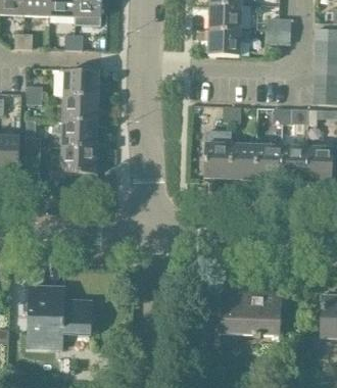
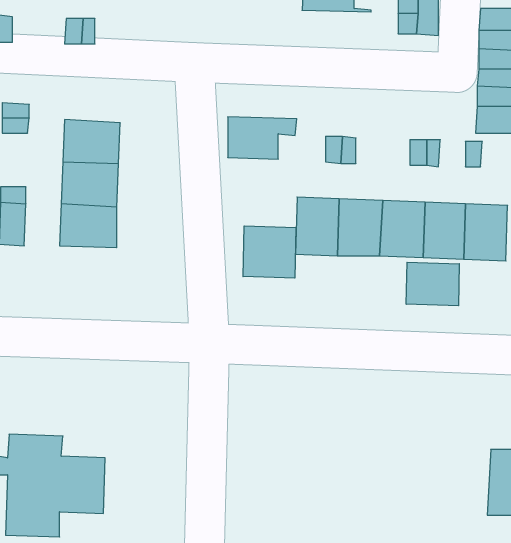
building: [208,30,250,55] -> [228,117,297,159]
building: [64,70,99,98] -> none
building: none -> [243,226,296,278]
building: none -> [406,262,459,306]
building: [221,292,282,343] -> none

